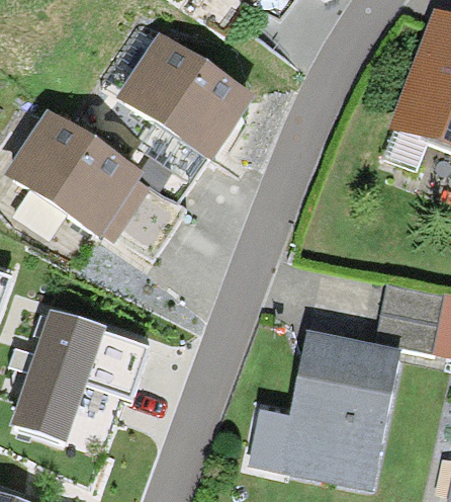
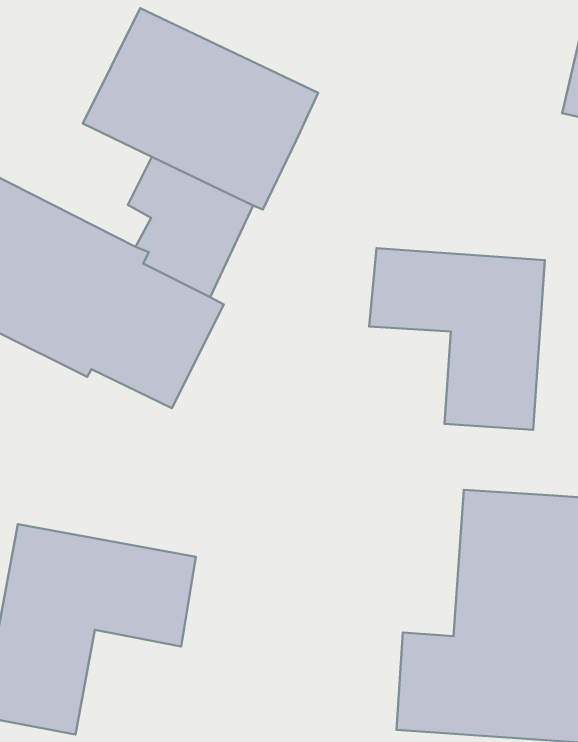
building: none -> [369,248,545,430]

